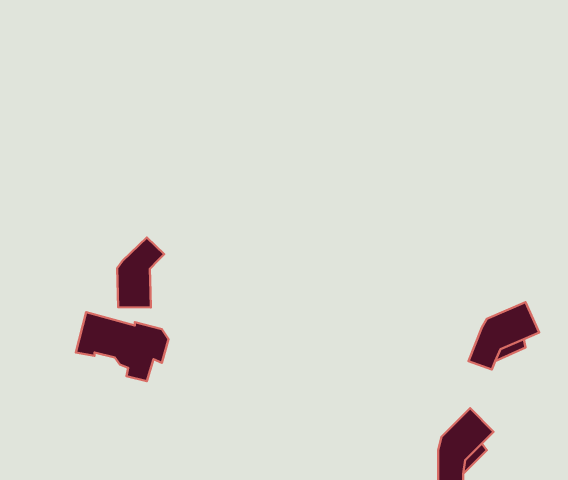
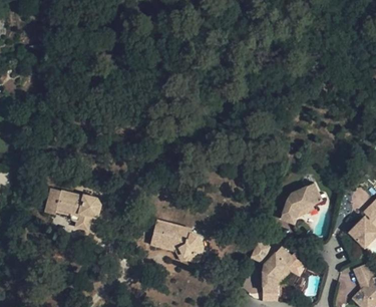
building: [117,237,164,308] -> none
building: none -> [151,221,204,262]

